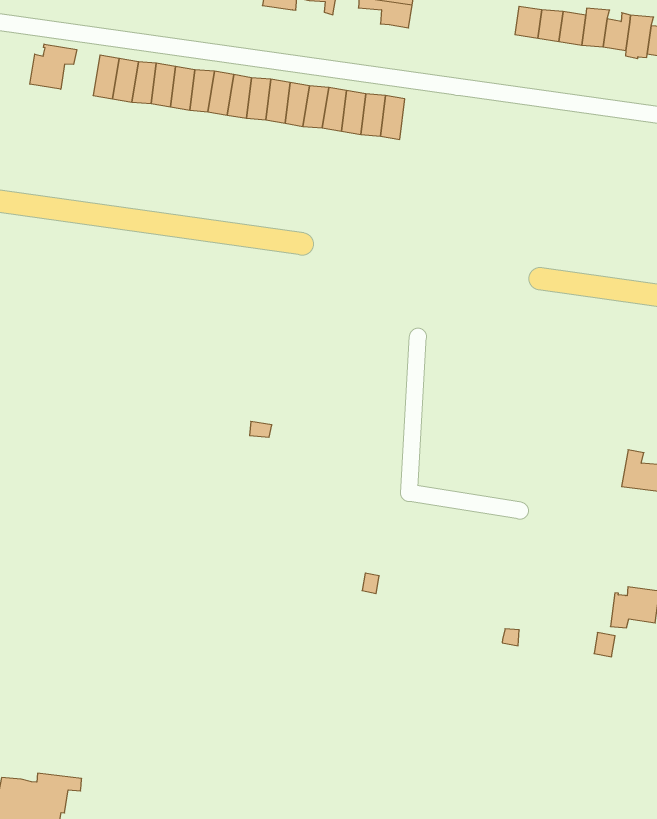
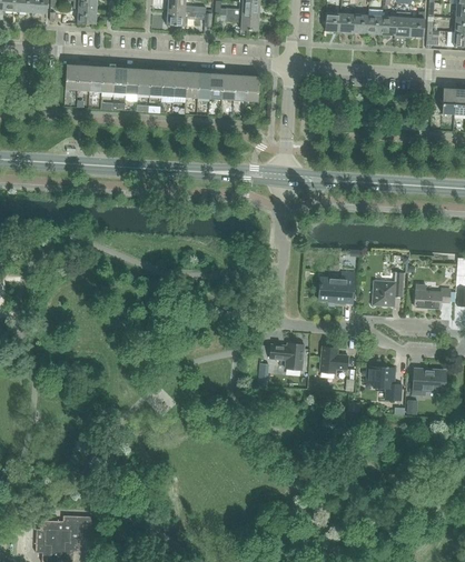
building: [30,44,77,89] -> none
building: none -> [320,272,355,303]
building: none -> [374,273,404,305]
building: none -> [270,343,305,371]
building: none -> [320,347,349,373]
building: none -> [367,367,403,401]

